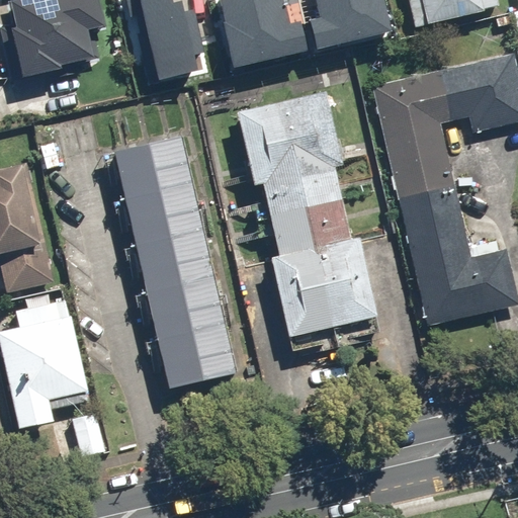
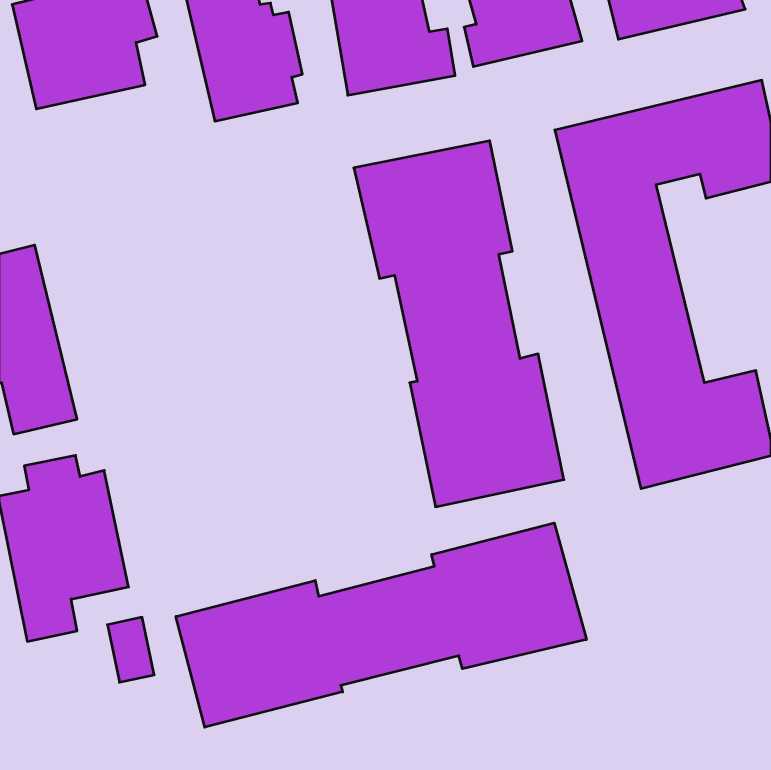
building: [113,135,238,391] -> none
building: none -> [176,523,586,727]

